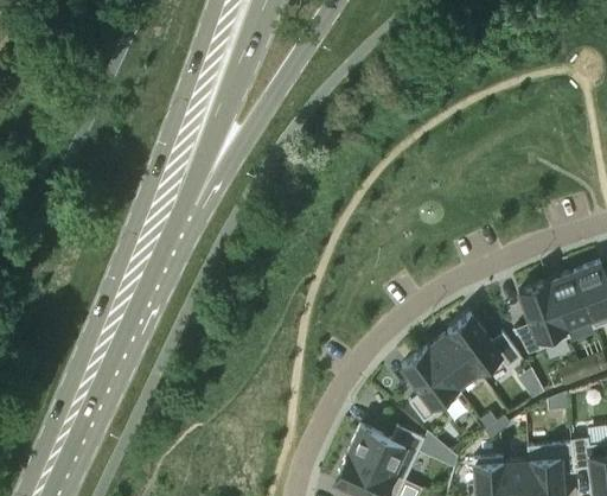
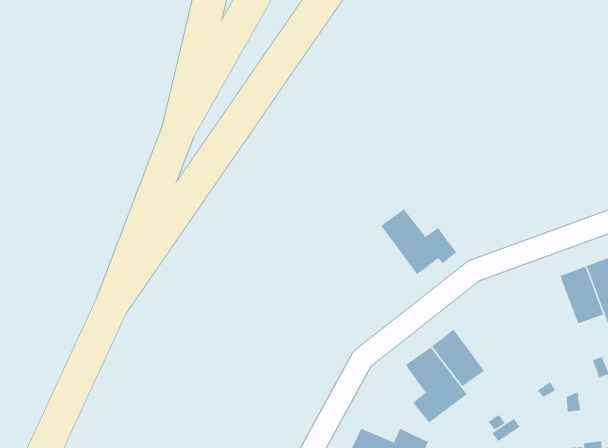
building: [518,284,569,351] -> none
building: [448,317,520,380] -> [380,208,457,275]

